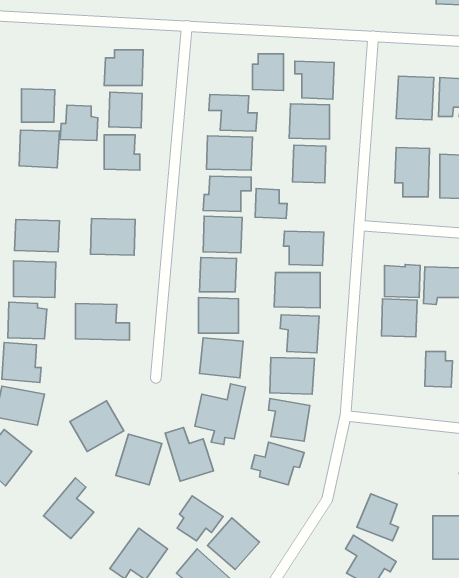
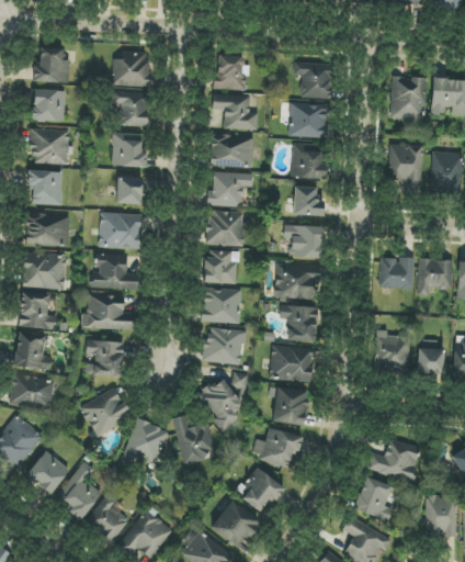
building: [252,54,283,91] -> [214,55,243,90]
building: [60,105,98,141] -> [33,48,69,82]
building: none -> [29,170,63,205]
building: none -> [116,178,141,204]
building: [255,189,287,218] -> [293,187,324,215]
building: none -> [91,254,138,290]
building: [381,299,417,337] -> [375,334,409,370]
building: none -> [84,340,122,375]
building: none -> [370,441,419,480]
building: none -> [25,451,69,495]
building: [177,496,223,541] -> [241,468,285,510]
building: none -> [87,494,128,542]

